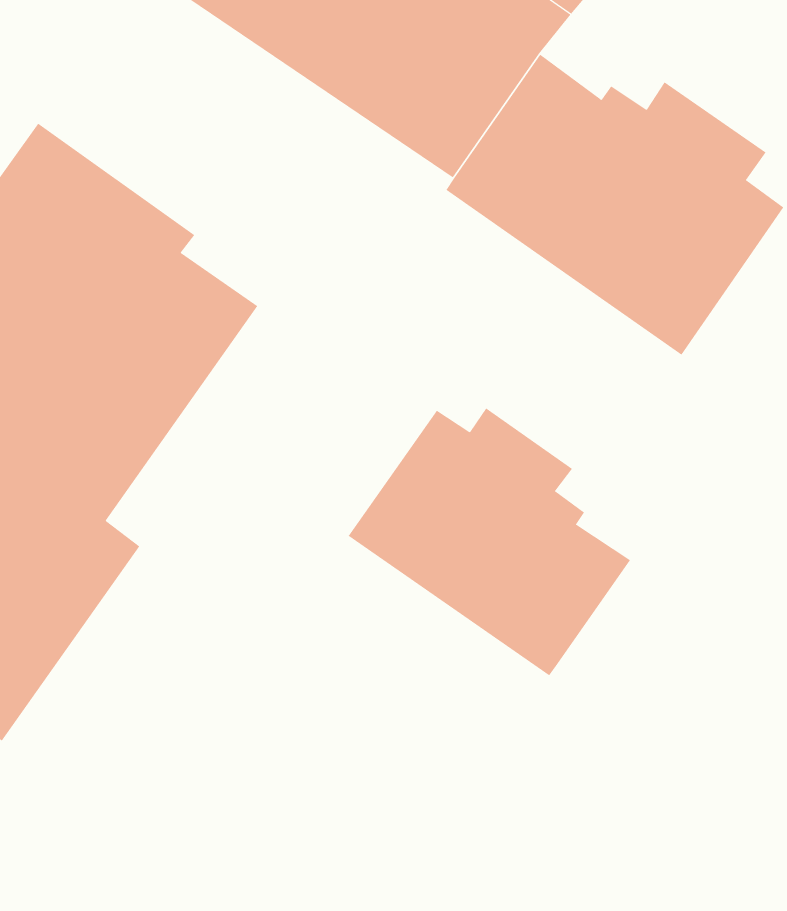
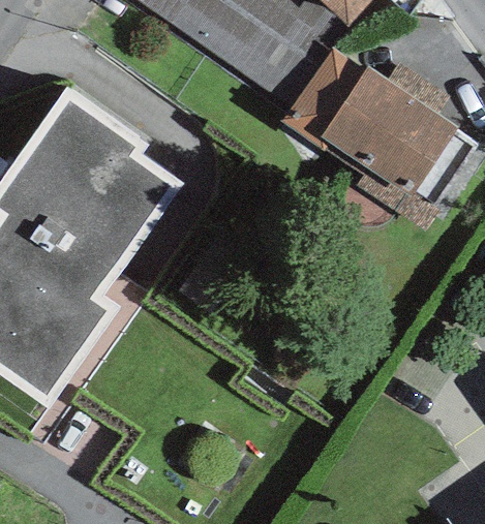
building: [348,407,631,676] -> none

